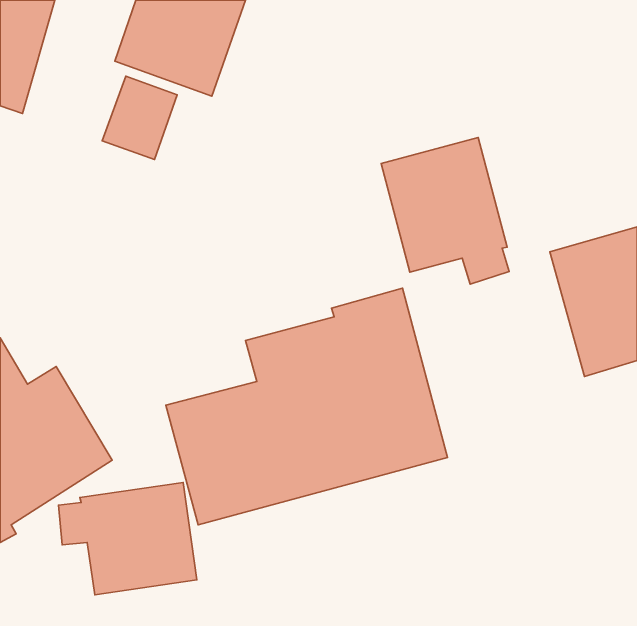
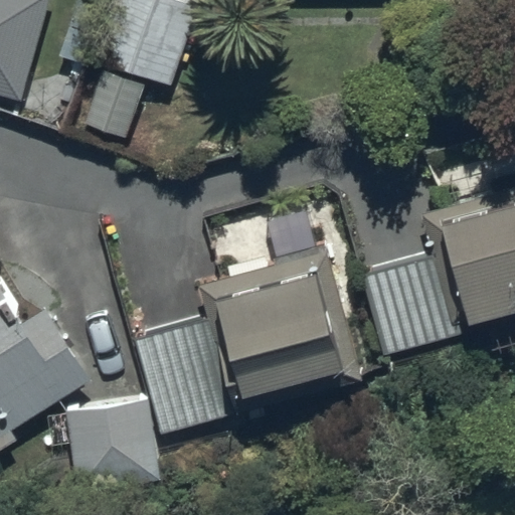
building: [381,137,509,284] -> none
building: none -> [362,251,463,353]

